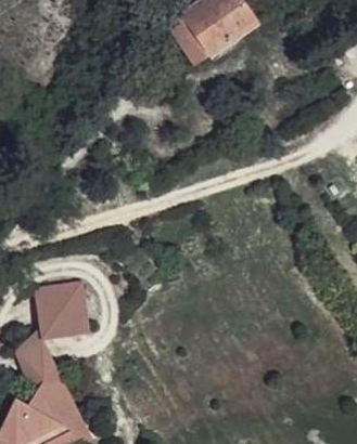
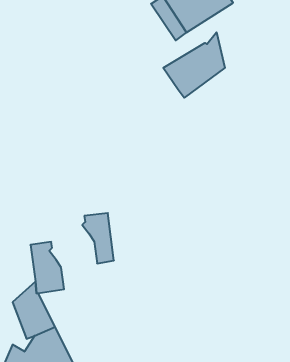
building: none -> [163,32,225,98]
building: [55,280,90,336] -> [82,213,114,263]

